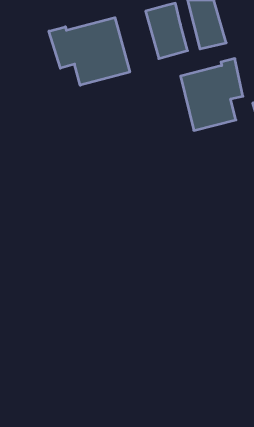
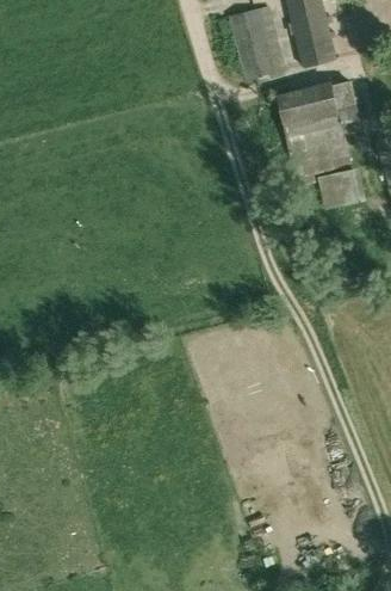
building: [49,18,130,85] -> none
building: none -> [317,167,365,209]

